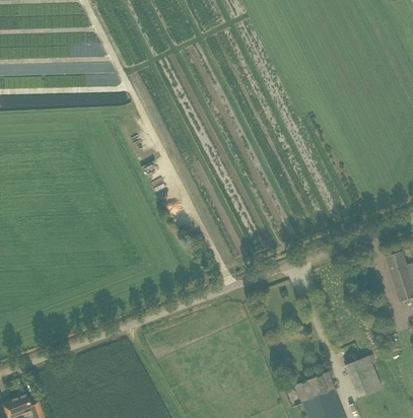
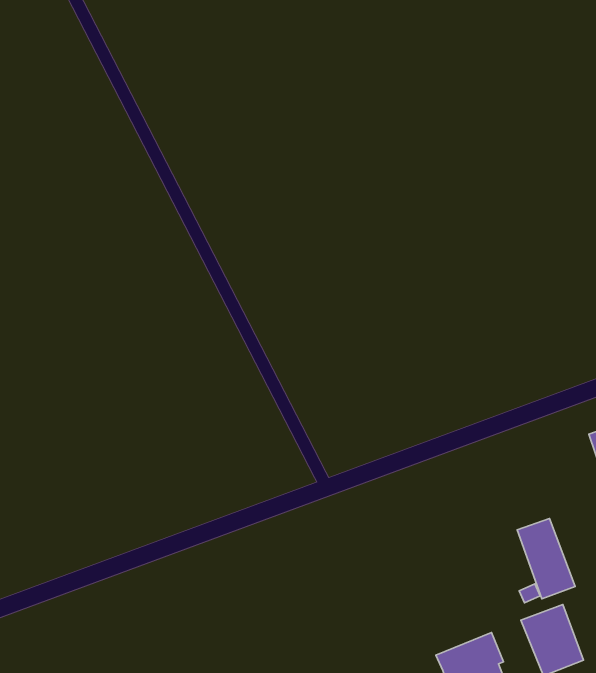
building: none -> [517,518,575,599]

